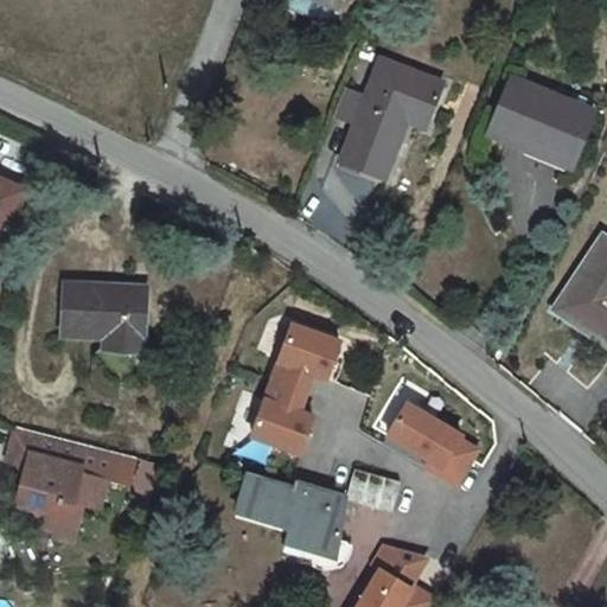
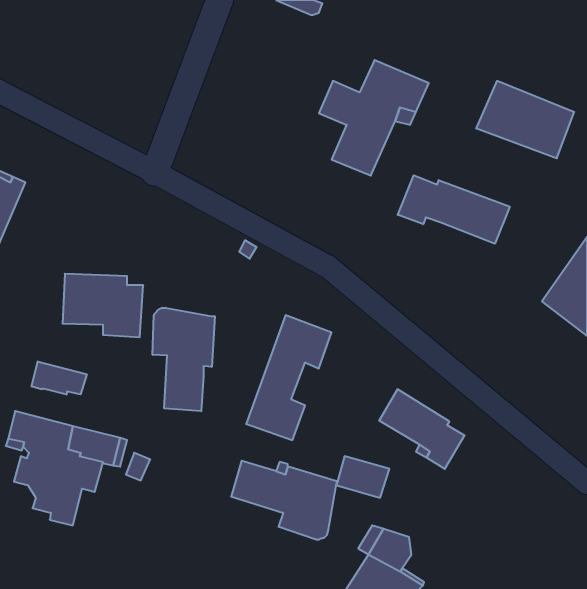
building: none -> [398,175,510,244]
building: none -> [153,308,215,411]
building: none -> [31,361,87,395]

